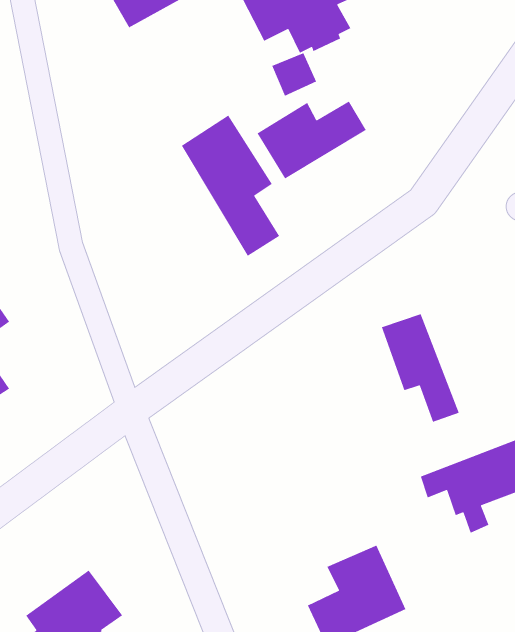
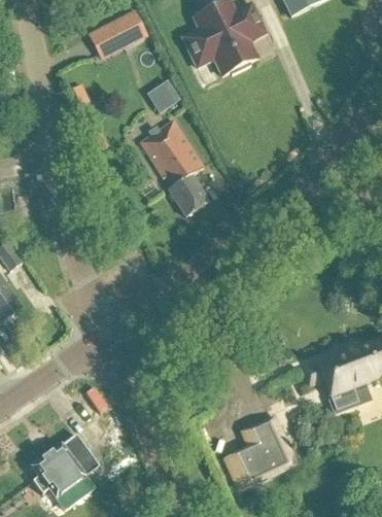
building: [271,52,317,97] -> [150,76,182,107]
building: [257,101,367,179] -> none
building: [381,313,460,423] -> none

